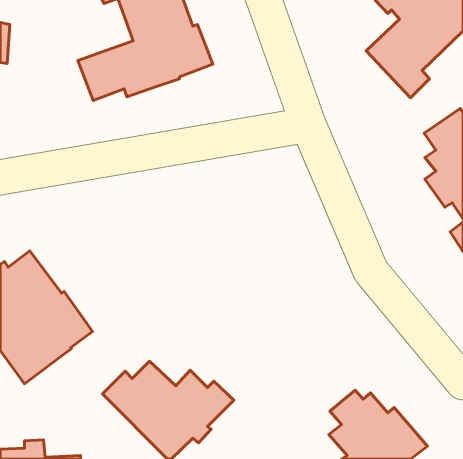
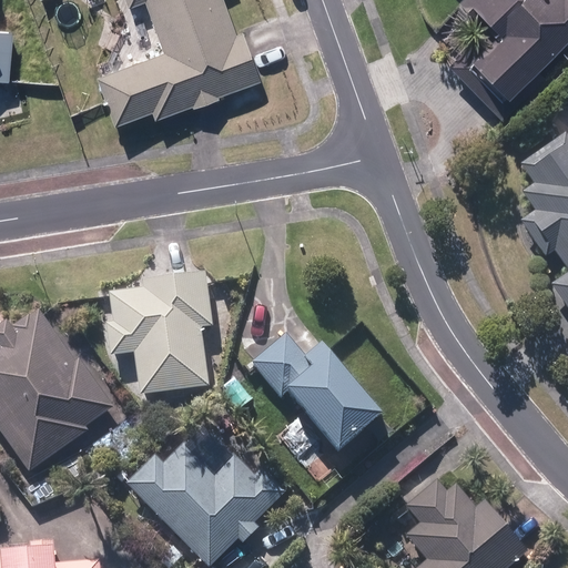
building: none -> [106,271,211,393]
building: none -> [251,333,381,449]

